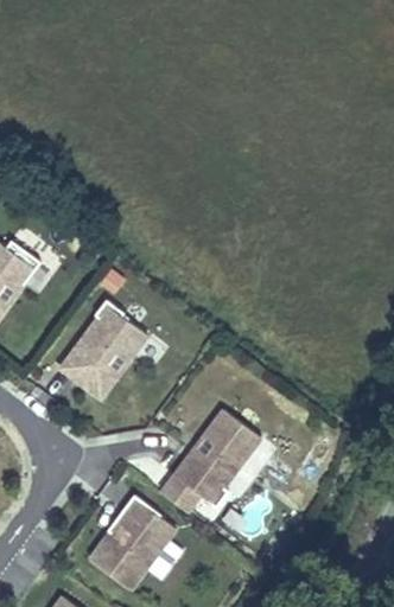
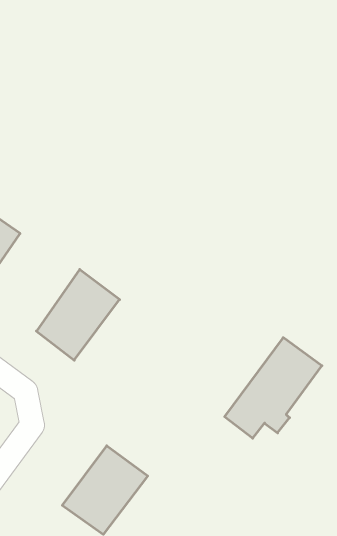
building: [157,407,263,517] -> [225,338,322,438]

